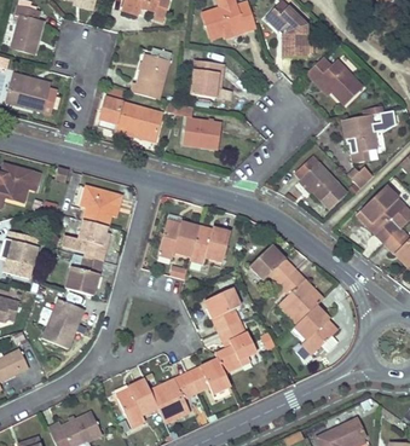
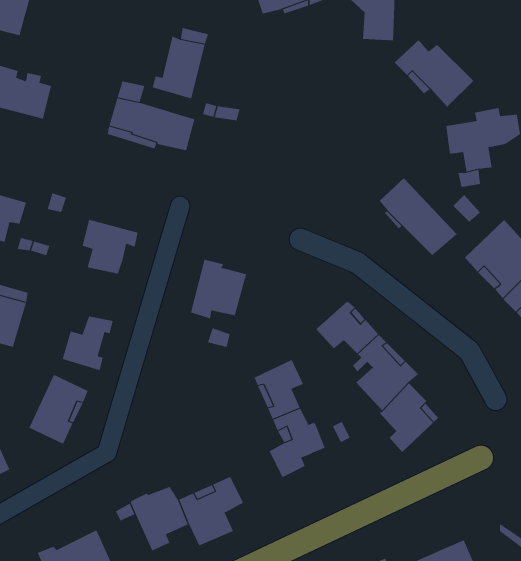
building: [191,59,225,97] -> none
building: [183,117,223,149] -> none
building: [64,221,106,260] -> none
building: [190,227,231,265] -> none
building: [187,359,231,394] -> none

